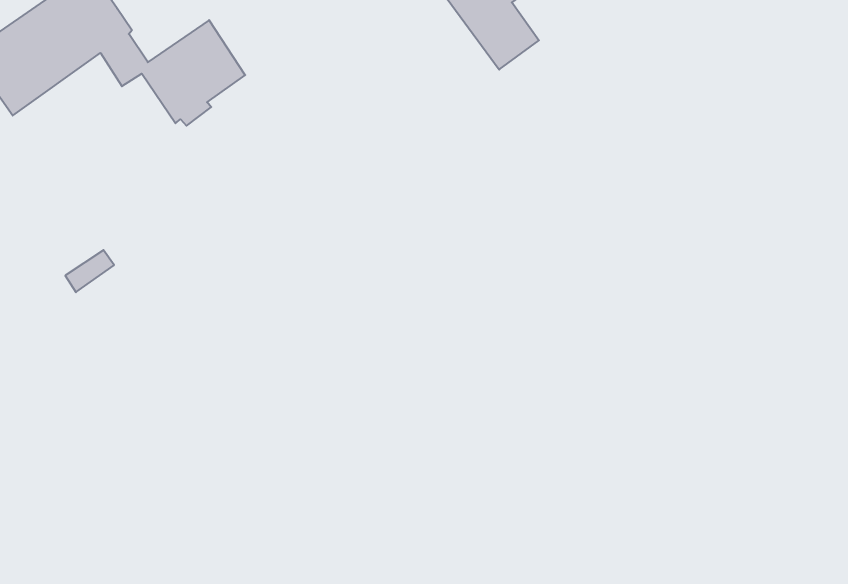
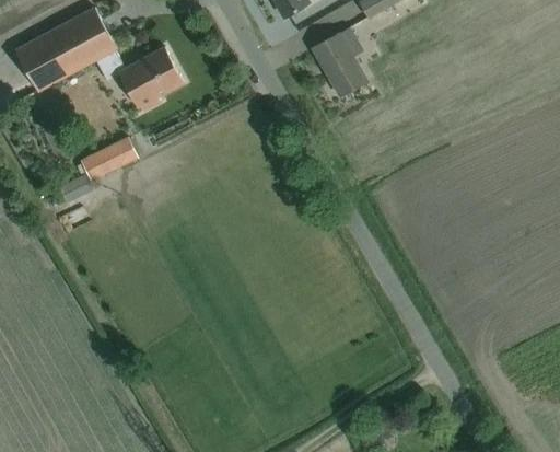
building: none -> [81,137,138,179]

